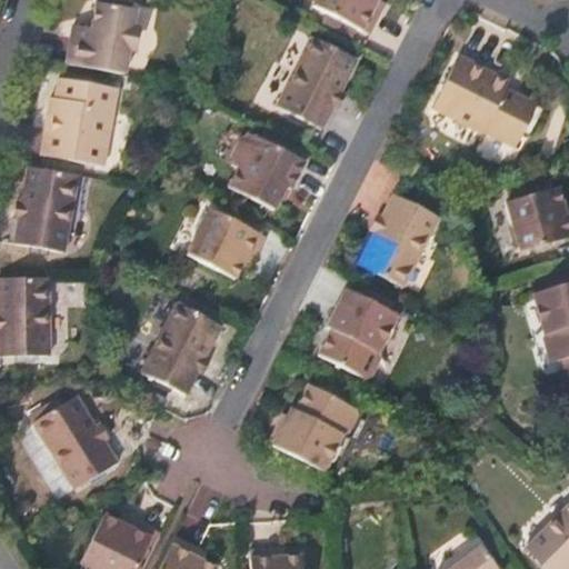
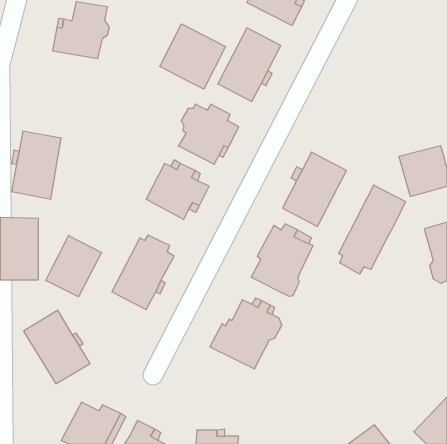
building: none -> [160,24,226,89]
building: [432,54,548,144] -> none
building: [40,78,118,166] -> none
building: none -> [338,185,406,274]
building: none -> [46,235,102,297]

